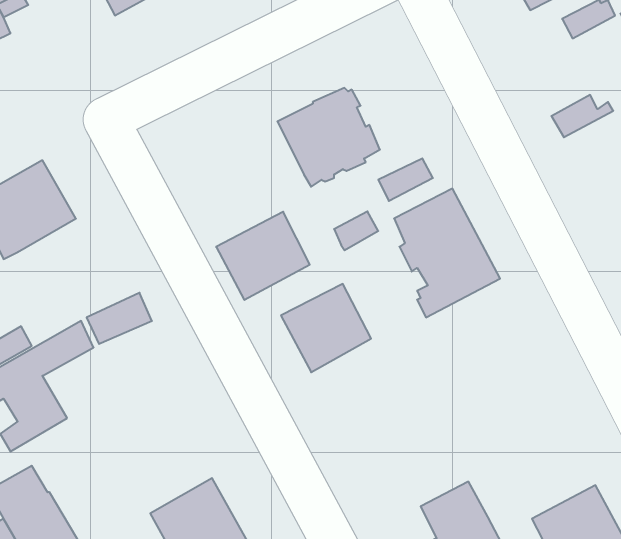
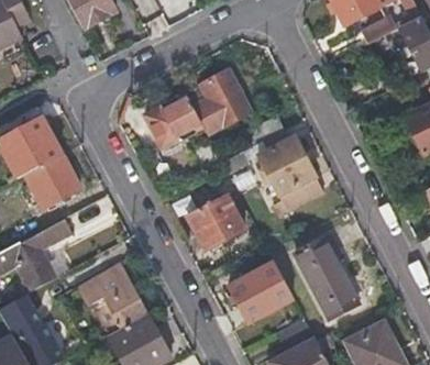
building: [216,212,310,300] -> [144,93,202,148]
building: none -> [24,154,78,208]
building: none -> [297,235,359,318]
building: none -> [230,262,294,321]
building: none -> [79,263,145,334]

